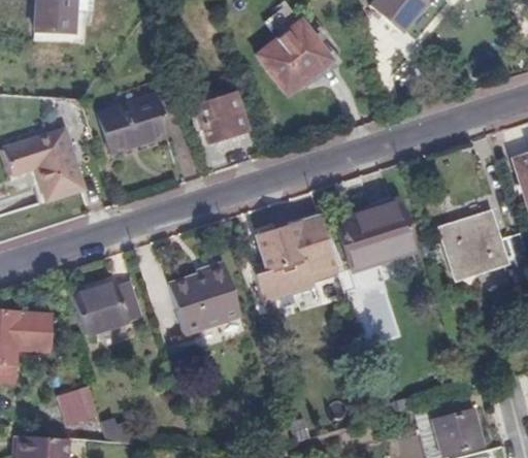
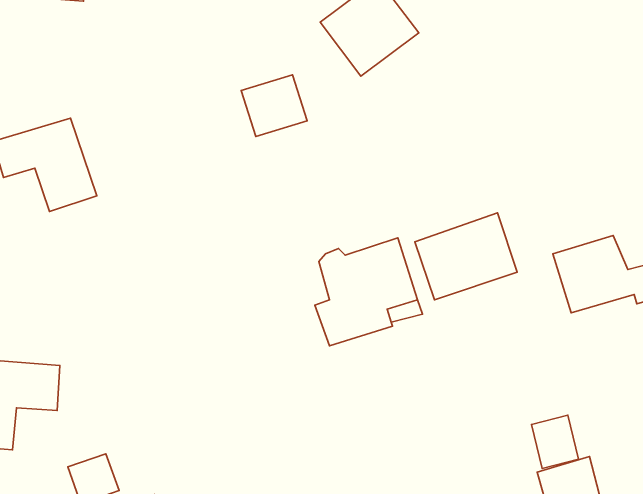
building: [99,96,168,153] -> none
building: [170,264,238,331] -> none
building: [73,284,140,336] -> none
building: none -> [531,415,579,468]

